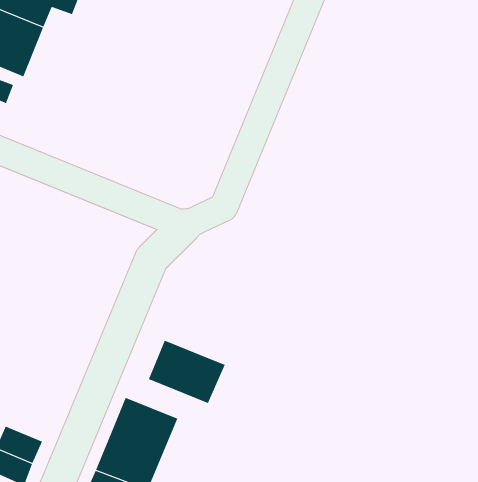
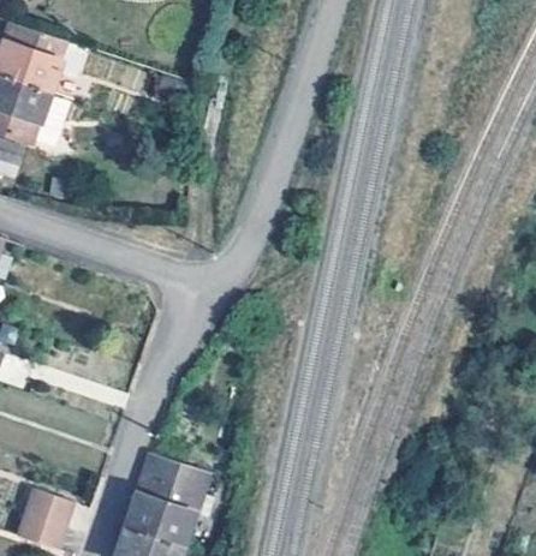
building: [148,340,226,404] -> none

